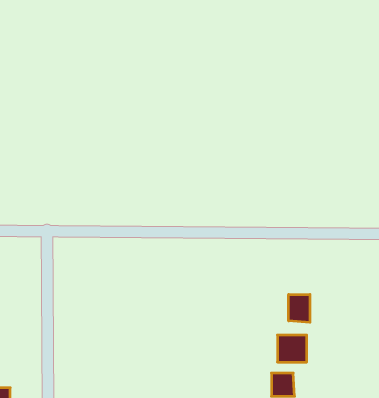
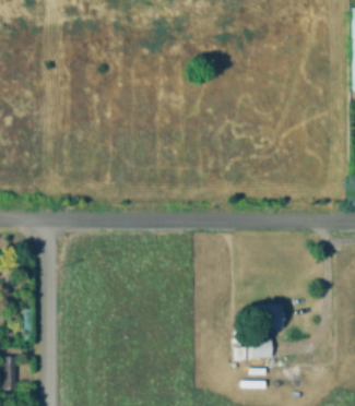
building: [289,294,310,322] -> none

